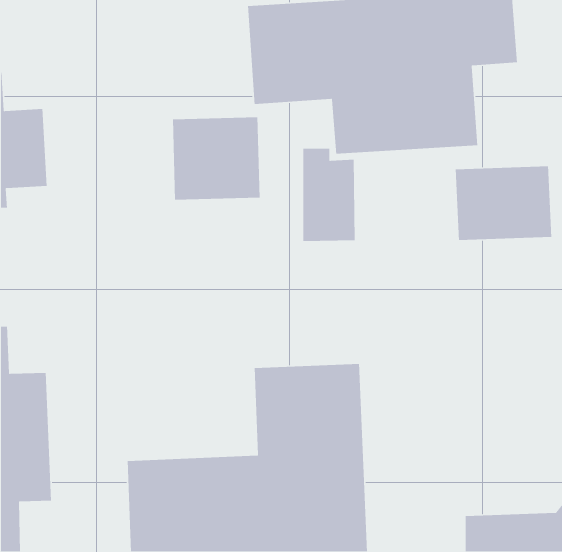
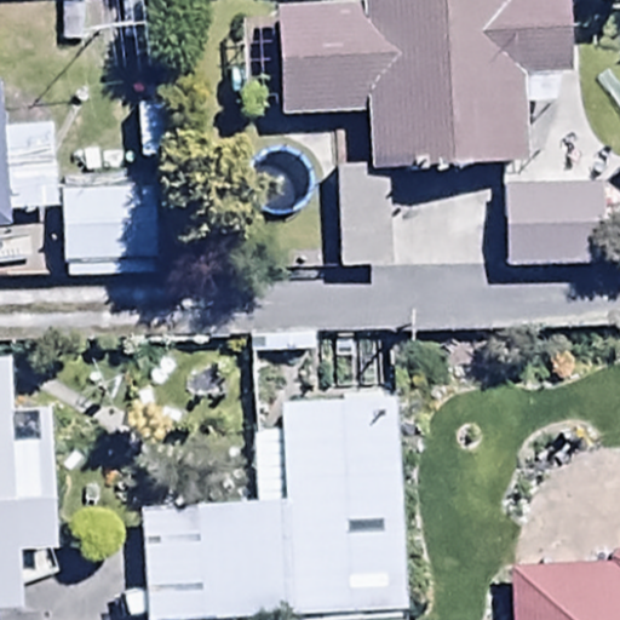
building: [172,117,260,200] -> [61,183,157,275]

